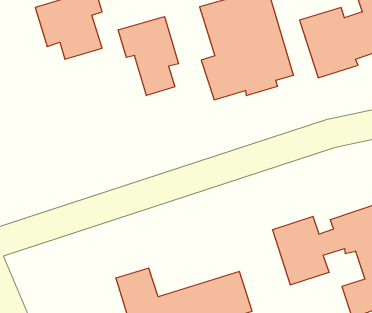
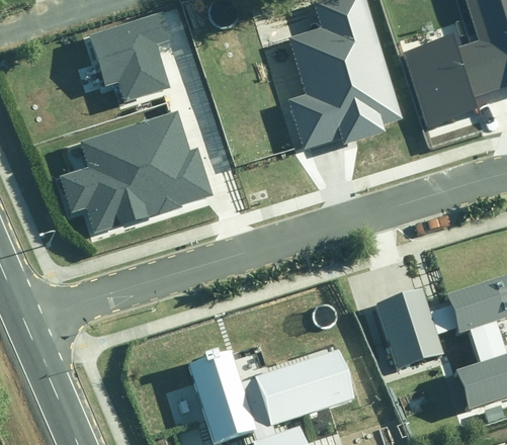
building: [118,17,179,96] -> none
building: none -> [62,113,213,234]

